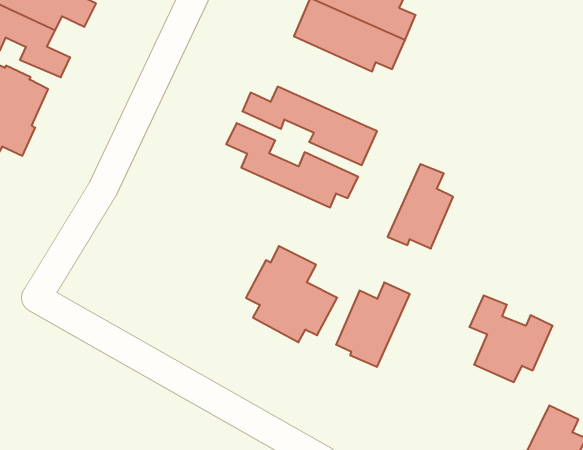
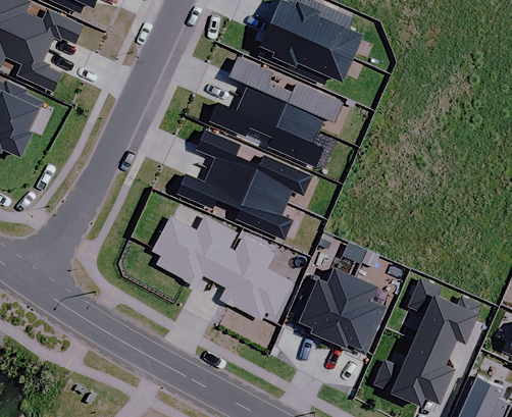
building: none -> [232,56,345,132]
building: [388,164,453,249] -> [329,277,387,351]
building: none -> [180,167,293,239]
building: none -> [154,214,238,284]
building: none -> [376,338,455,406]

